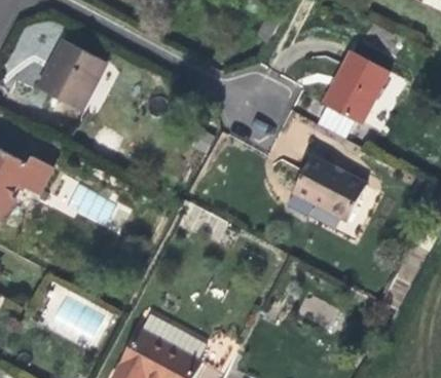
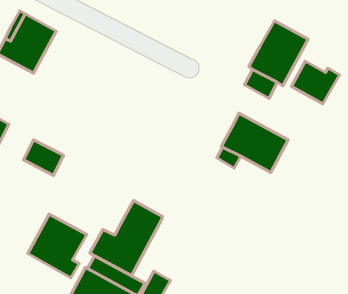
building: none -> [291,61,339,104]
building: none -> [90,200,163,276]
building: none -> [28,214,87,278]

